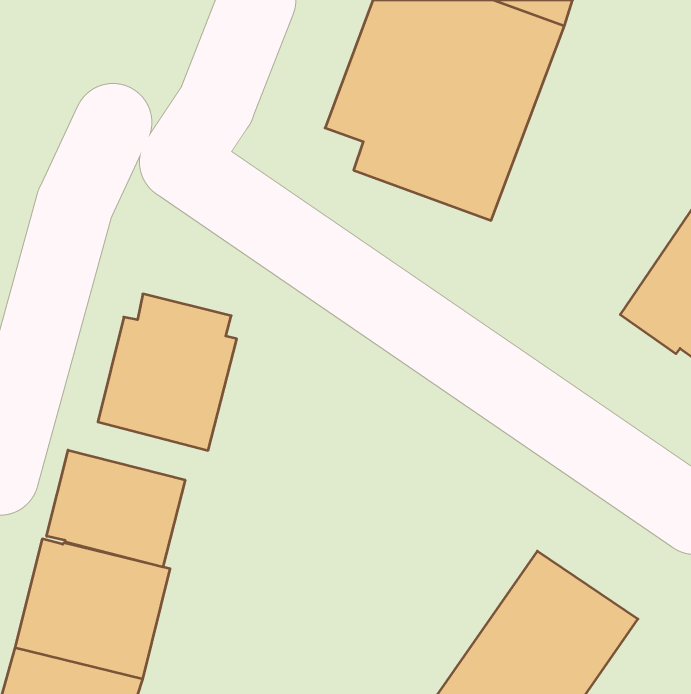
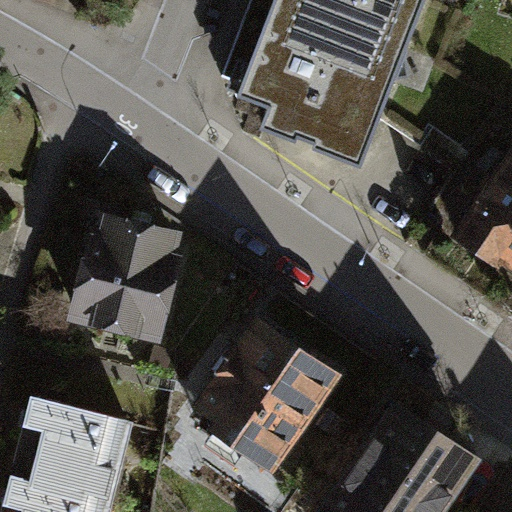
building: none -> [201,318,337,463]
building: [47,450,185,567] -> none

